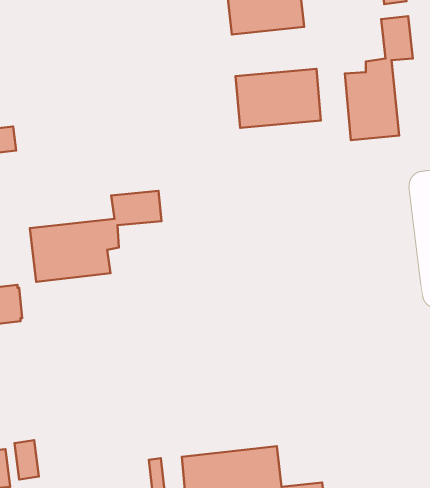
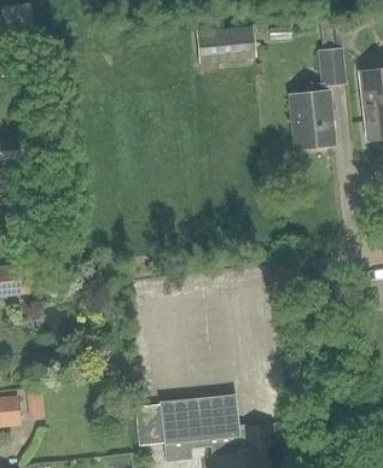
building: [235,69,321,128] -> none
building: [30,191,162,282] -> none

